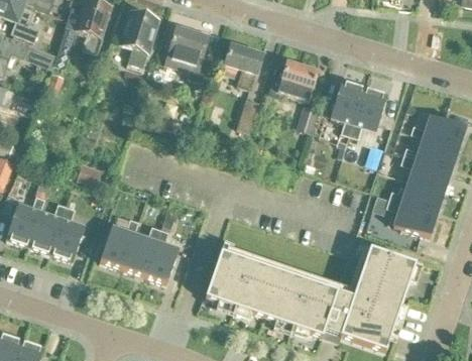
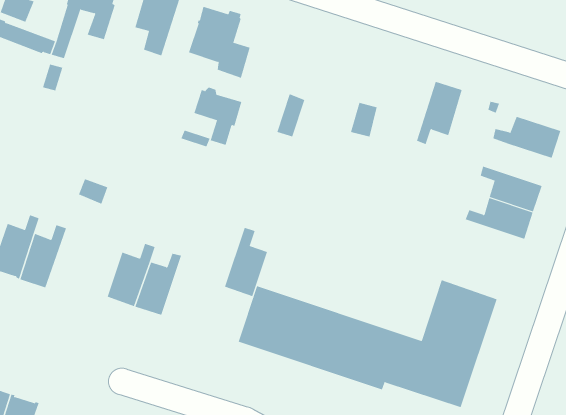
building: [223,40,262,88] -> [194,87,242,145]
building: [266,59,317,100] -> none
building: [329,79,363,134] -> none
building: [401,136,458,170] -> none
building: [384,198,436,237] -> none
building: [48,205,84,260] -> none
building: [142,227,178,283] -> [224,227,268,297]

